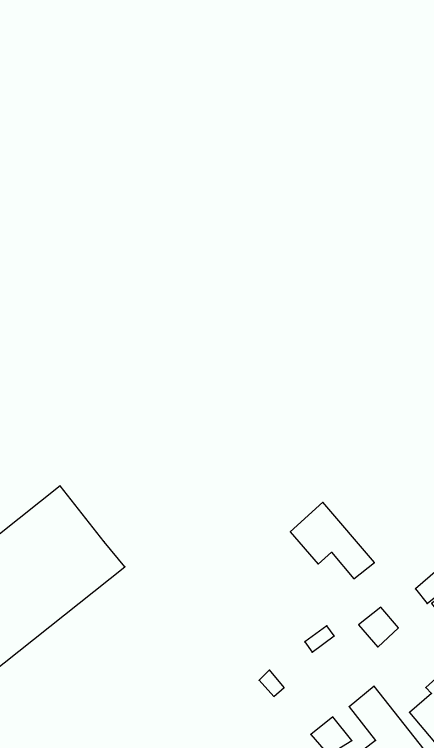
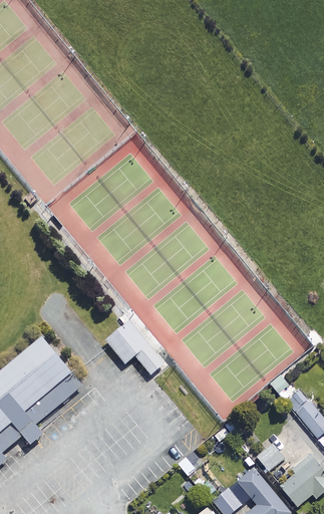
building: [290,502,374,579] -> [106,321,164,373]
building: [359,607,398,647] -> [256,444,283,471]

